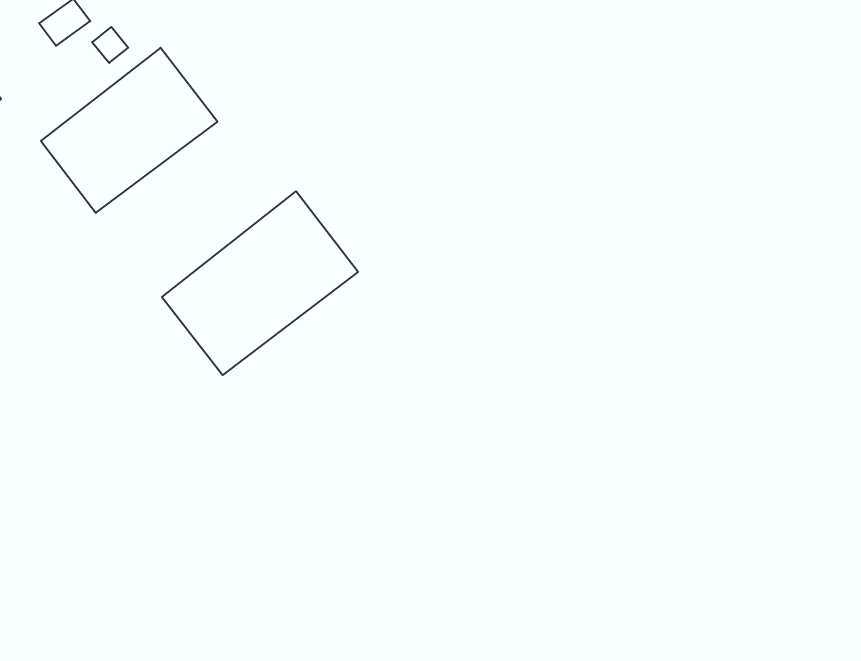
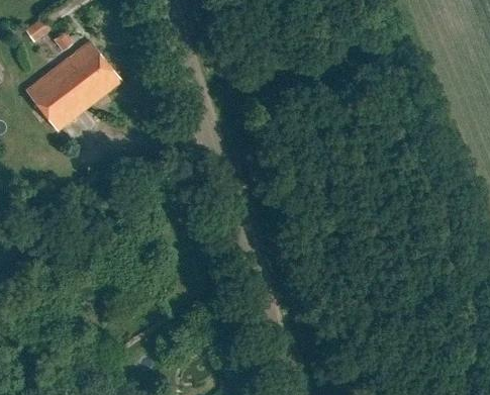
building: [162,191,358,375] -> none

